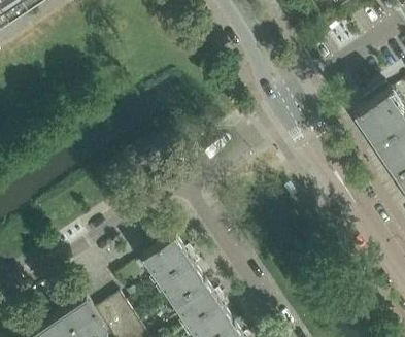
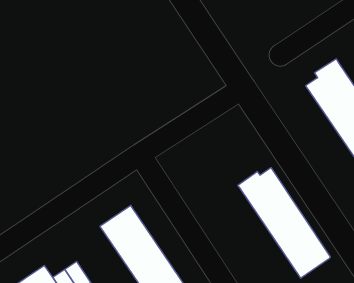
building: none -> [238,168,330,278]

